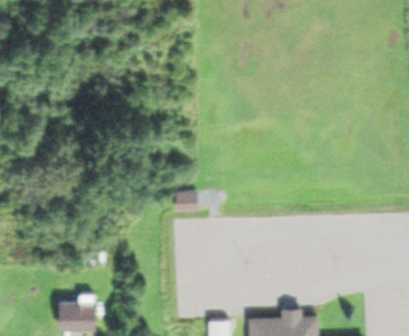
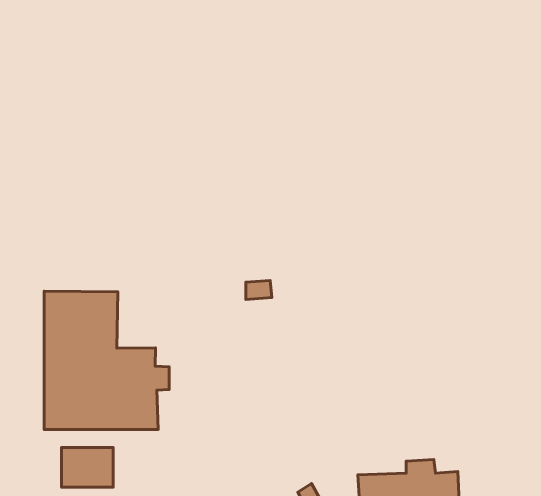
building: none -> [44,291,169,429]

